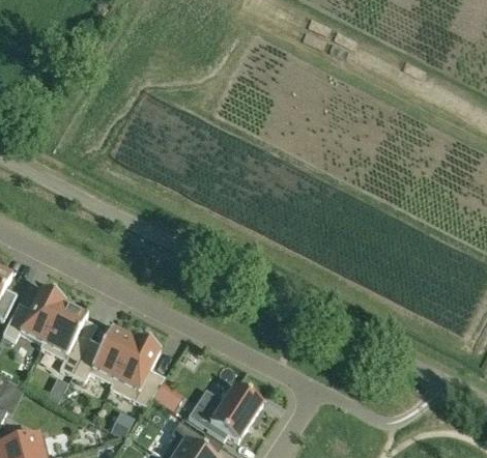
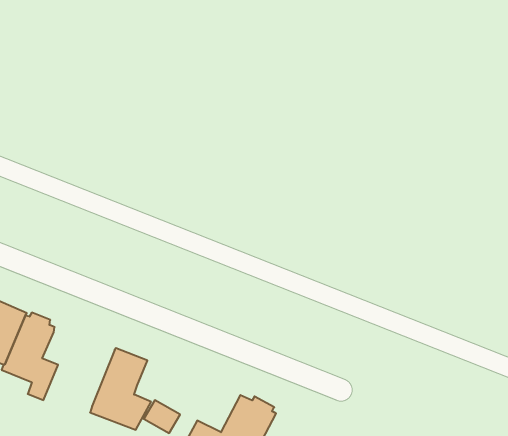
building: [73,326,135,382] -> none

